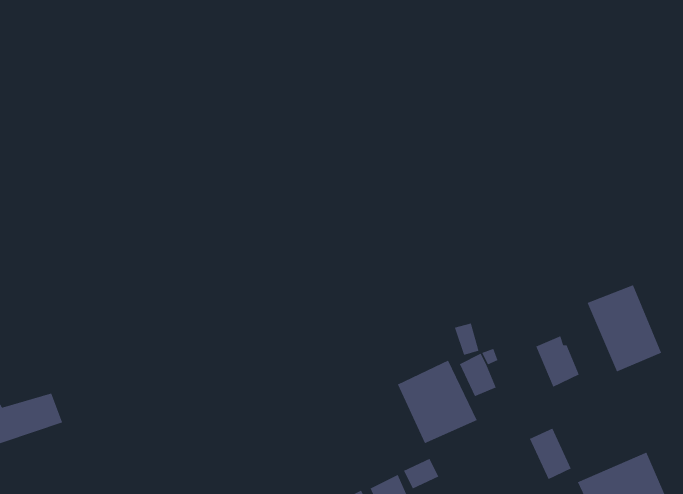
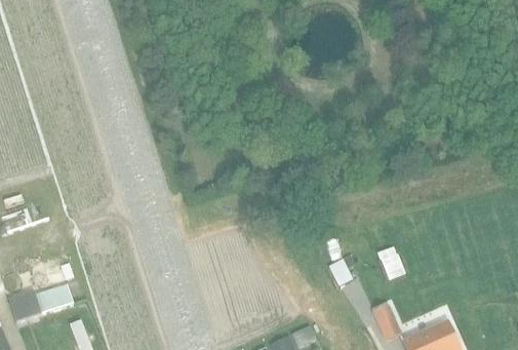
building: [587,284,662,372] -> none
building: [397,360,478,444] -> none

